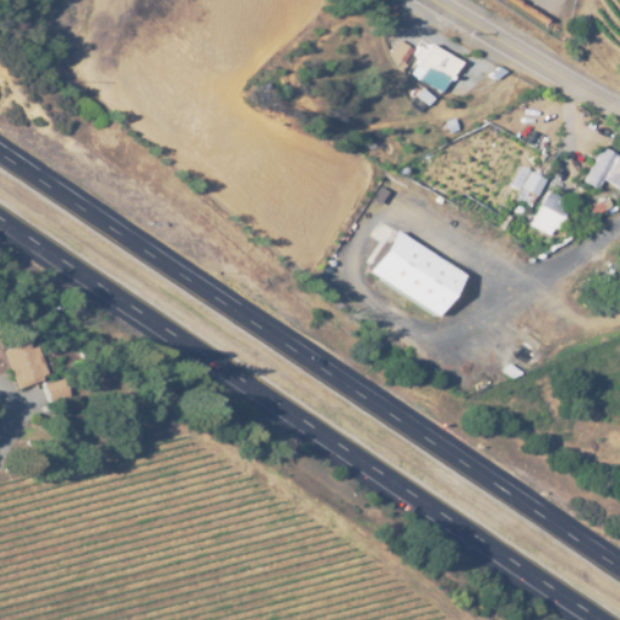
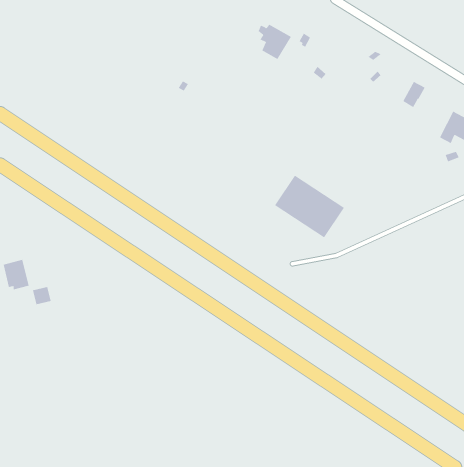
building: [419,45,464,92] -> [258,24,292,60]
building: [518,172,549,207] -> [402,81,425,108]
building: [532,190,568,236] -> none

